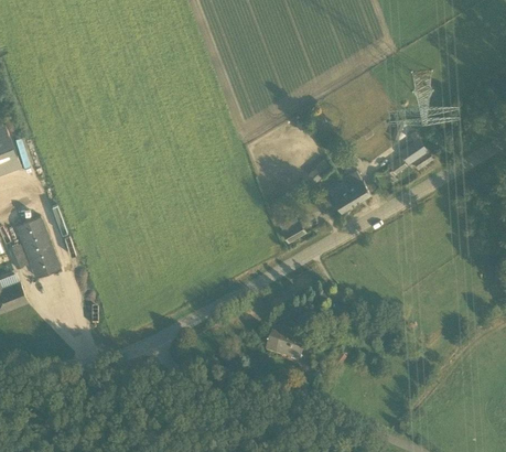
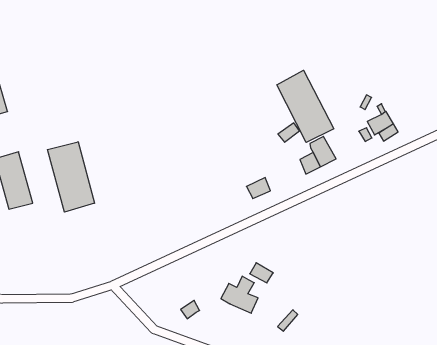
building: none -> [277,70,334,142]
building: none -> [47,142,95,212]

